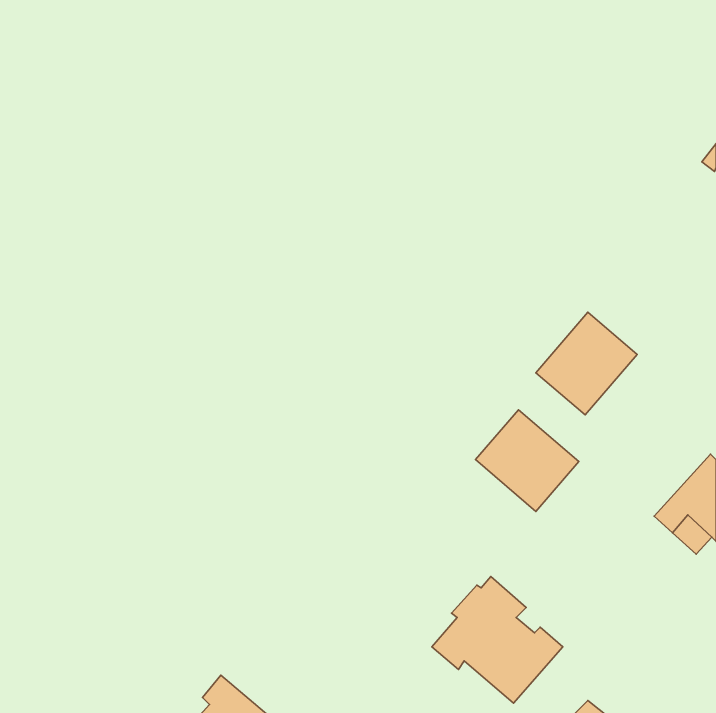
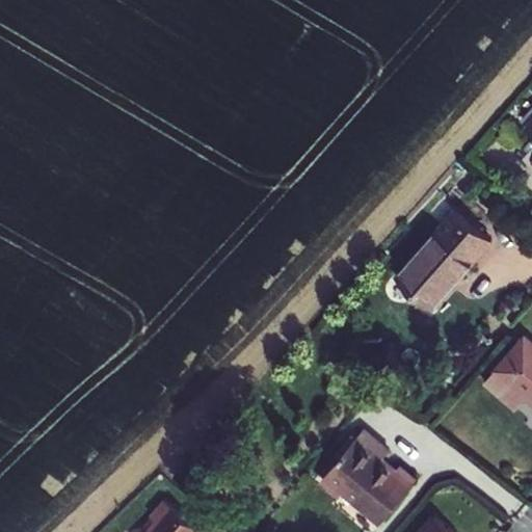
building: none -> [434,213,489,266]
building: [476,410,579,511] -> none

